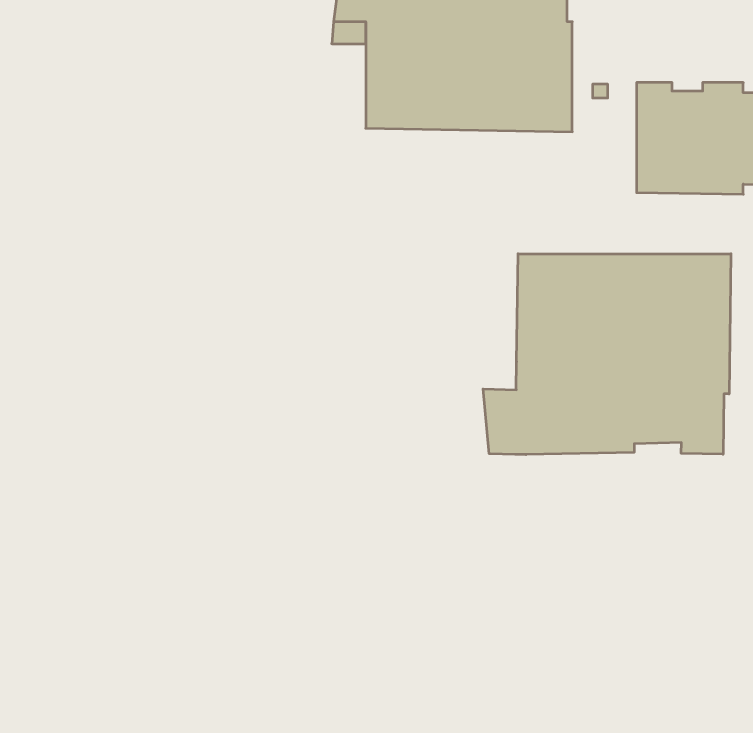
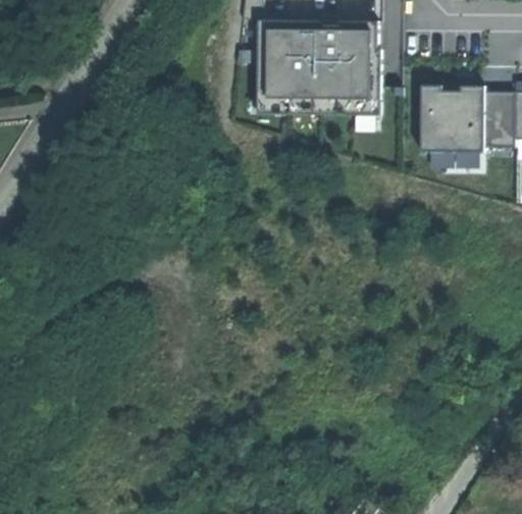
building: [483,254,731,455] -> none

